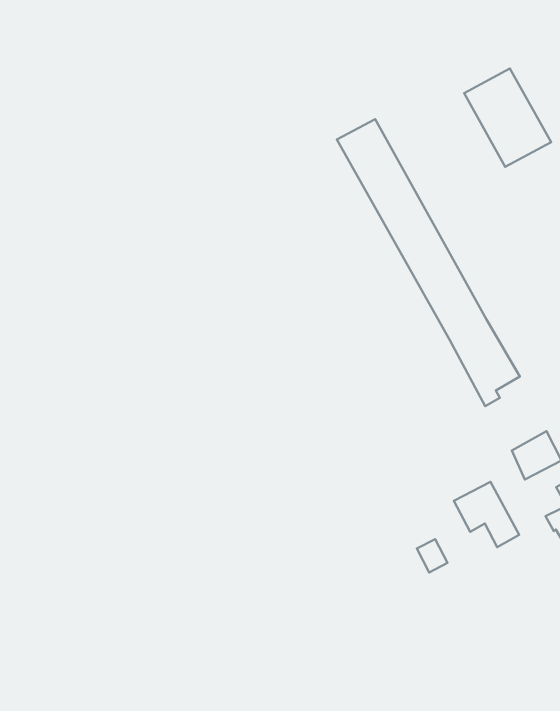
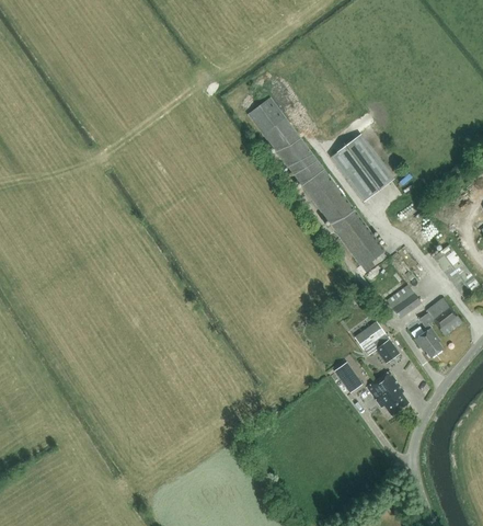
building: [464,69,551,167] -> [332,137,392,201]
building: none -> [367,371,407,414]

